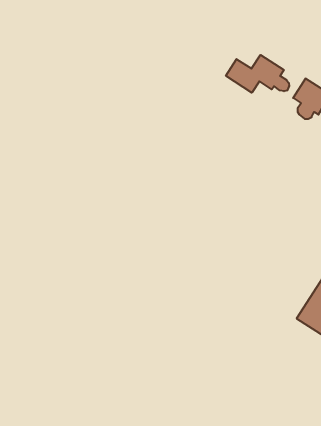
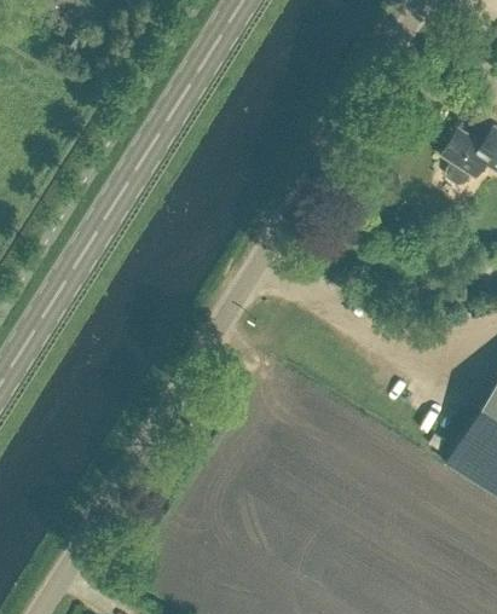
building: [226,55,289,93] -> none

